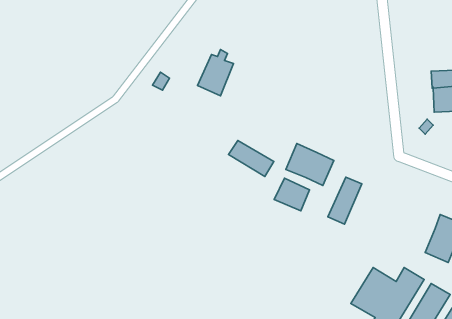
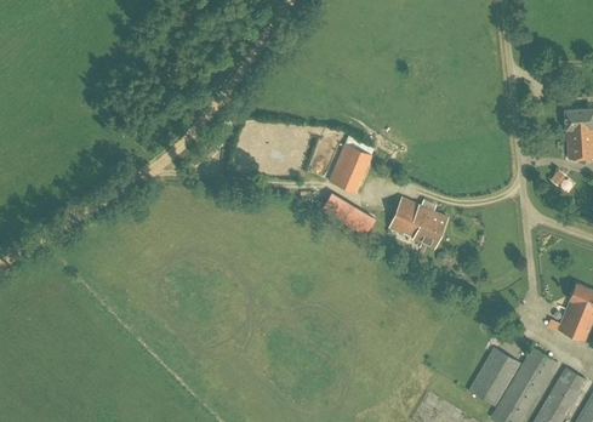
building: [197,50,233,96] -> [329,137,372,193]
building: [328,177,362,224] -> none
building: [274,178,310,211] -> none

